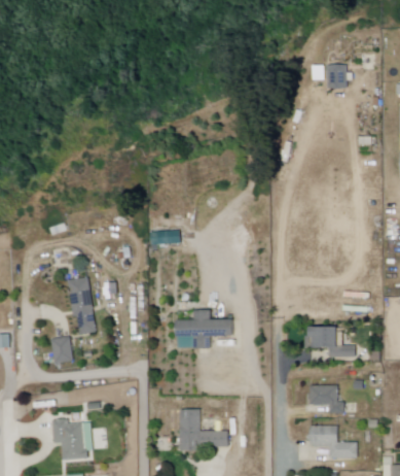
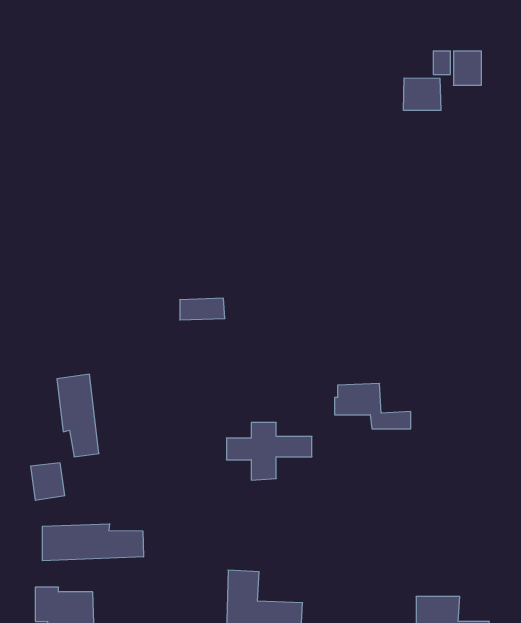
building: none -> [404,78,441,110]
building: [301,328,352,358] -> [335,384,411,429]
building: none -> [42,524,143,561]
building: [305,385,341,415] -> none

